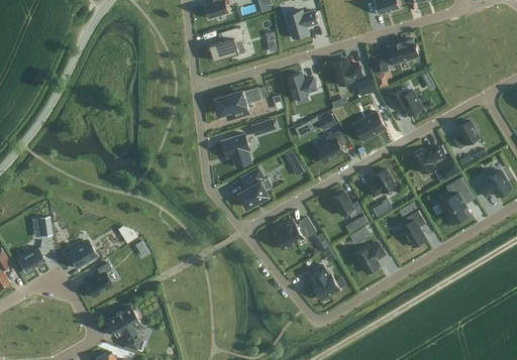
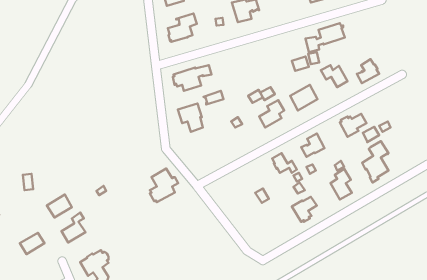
building: [332,58,361,85] -> none
building: [287,73,316,98] -> none
building: [452,120,479,148] -> [357,59,379,83]
building: [238,167,272,207] -> [150,169,178,202]
building: [478,169,510,196] -> none
building: [274,217,314,249] -> none
building: [16,247,45,272] -> [20,233,45,254]
building: [309,265,339,299] -> none

